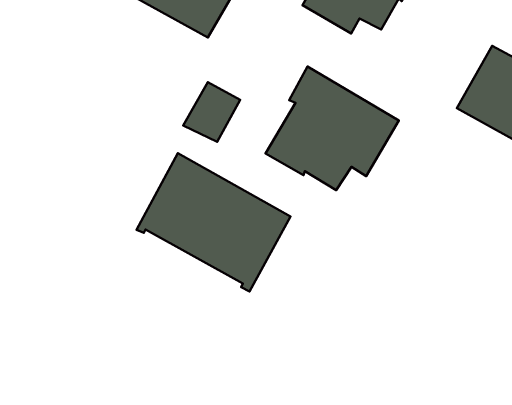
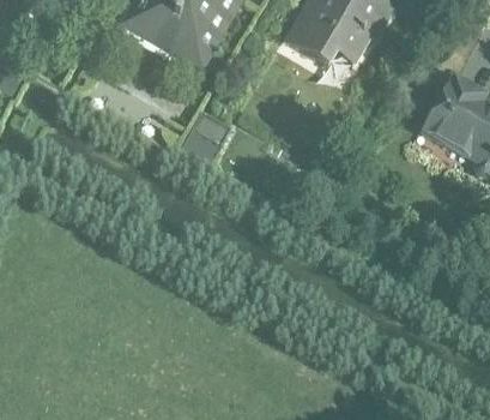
building: [266,67,399,190] -> none
building: [136,153,291,292] -> none

